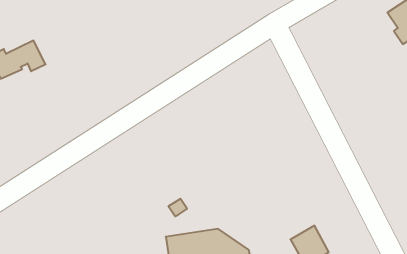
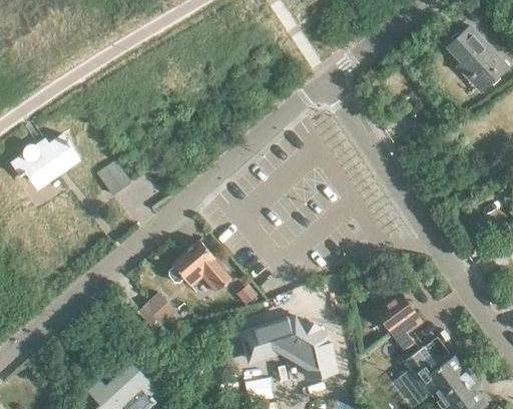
building: none -> [96,160,129,195]
building: none -> [168,241,228,293]
building: none -> [137,294,173,330]

